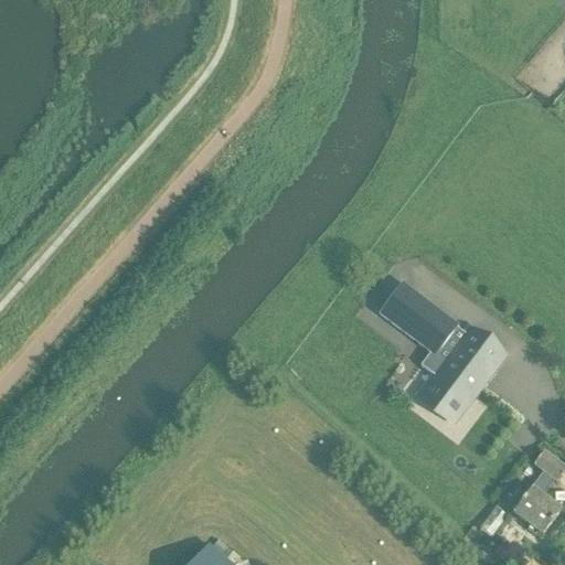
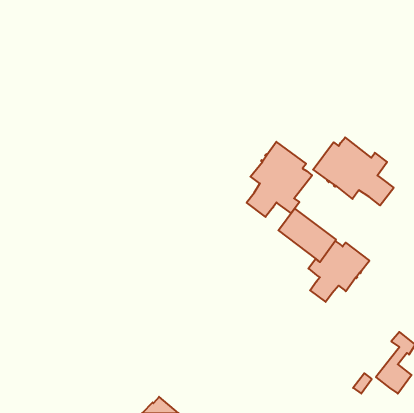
building: none -> [313,137,394,205]
building: none -> [247,142,312,217]

